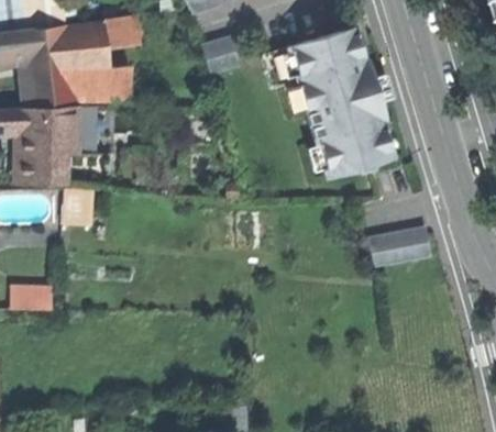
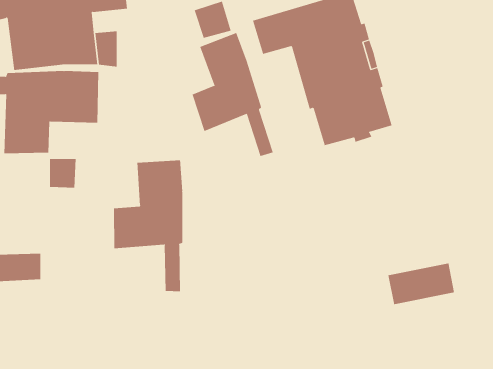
building: none -> [192,32,274,157]
building: none -> [113,159,183,292]
building: [366,225,431,266] -> [388,263,455,305]

